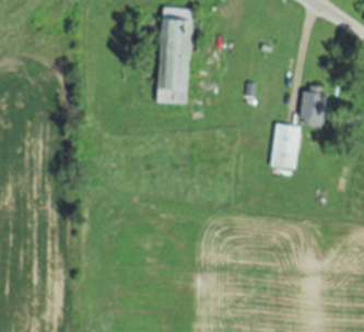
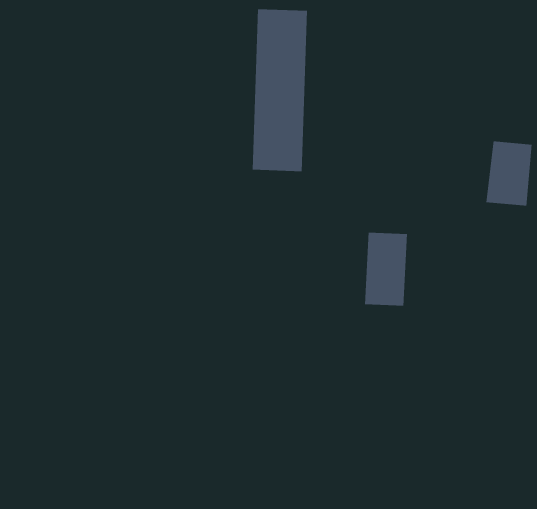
building: [272,123,298,168] -> [364,232,408,306]

